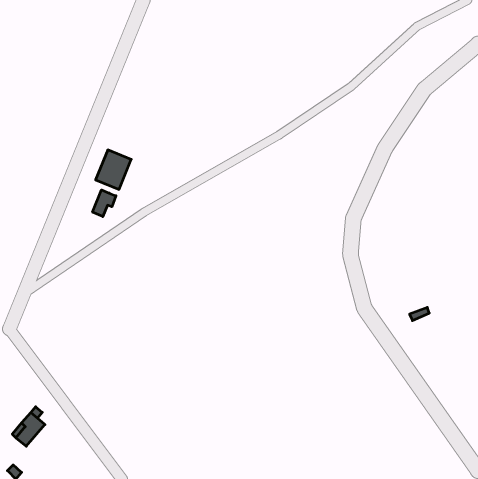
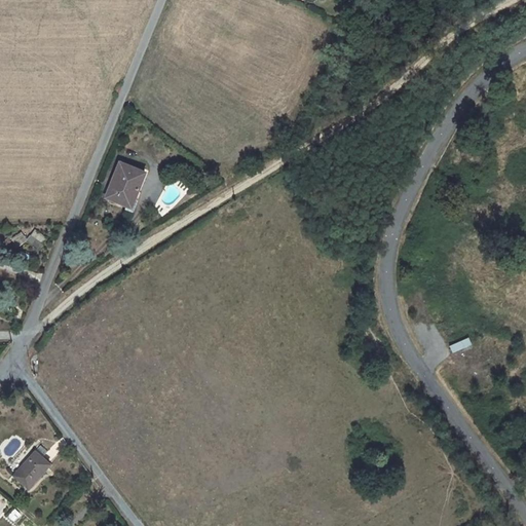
building: [93,190,116,217] -> none

